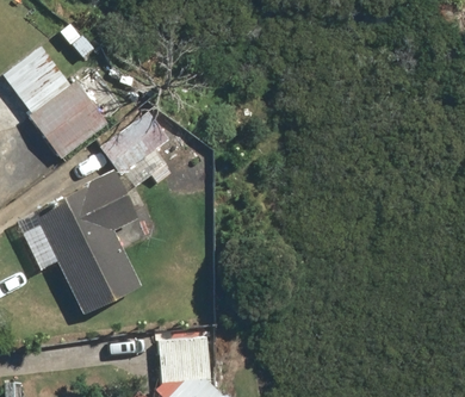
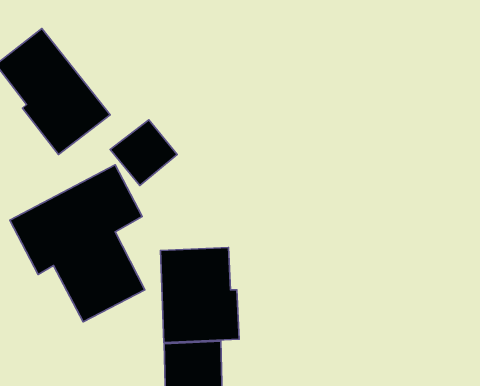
building: none -> [161,247,239,343]

